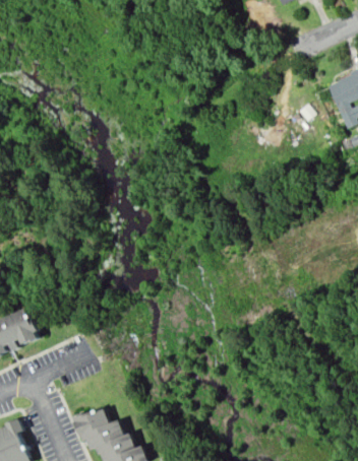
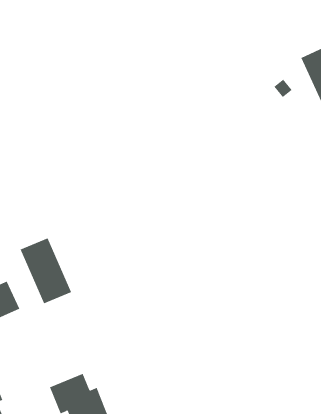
building: none -> [20,237,72,304]

